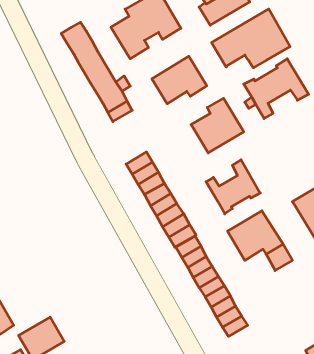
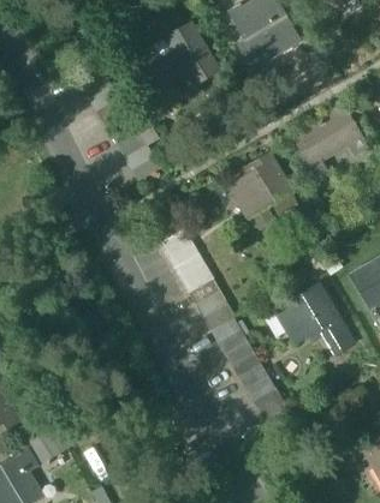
building: [212,9,290,68] -> none
building: [152,56,207,104] -> none
building: [206,160,260,214] -> none

